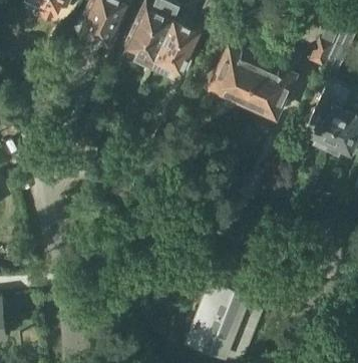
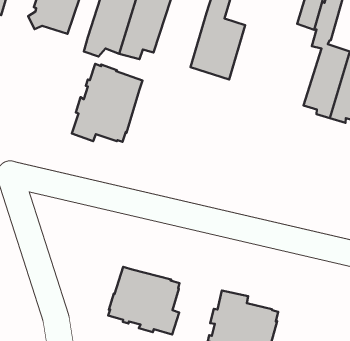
building: [243,49,302,116] -> none
building: none -> [72,64,142,142]
building: none -> [108,267,180,335]

